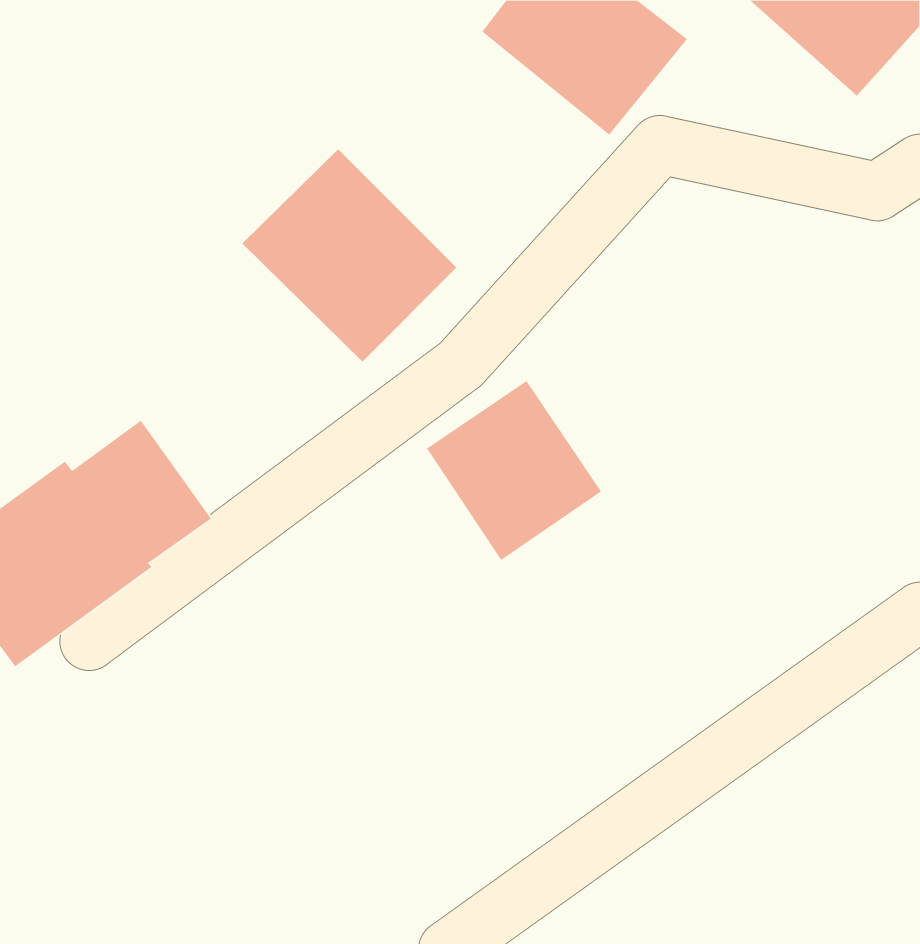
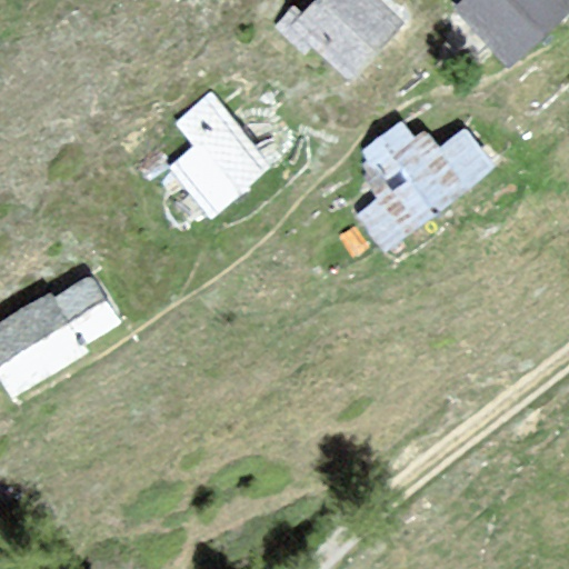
building: none -> [345,113,510,254]
building: [426,380,602,561] -> none

